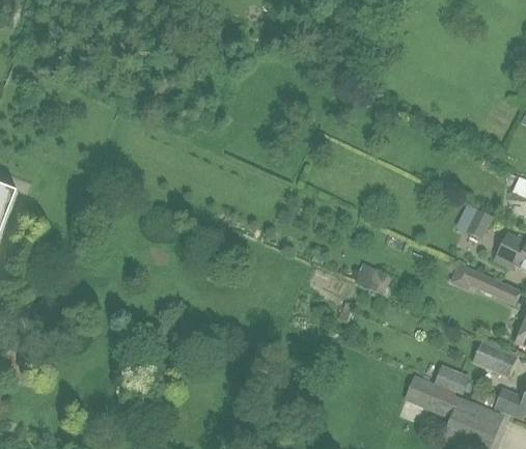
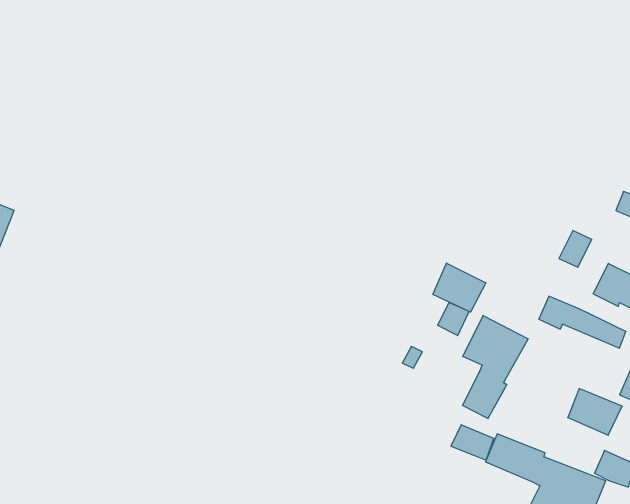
building: none -> [433,263,486,312]
building: none -> [463,315,528,419]
building: [433,364,468,393] -> [451,425,494,460]

